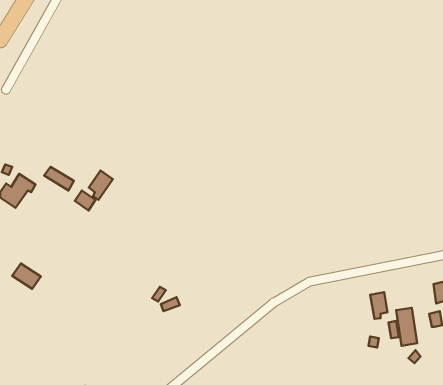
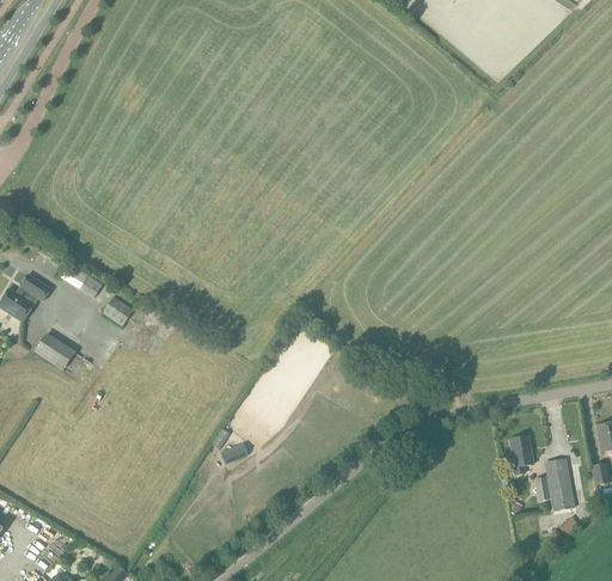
building: [89,170,113,200] -> none
building: [12,264,41,289] -> [36,334,75,368]

